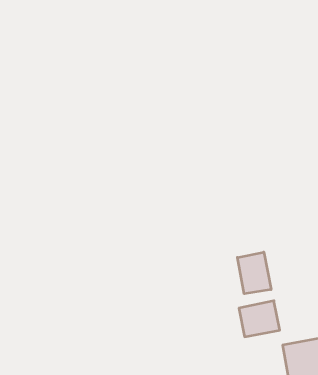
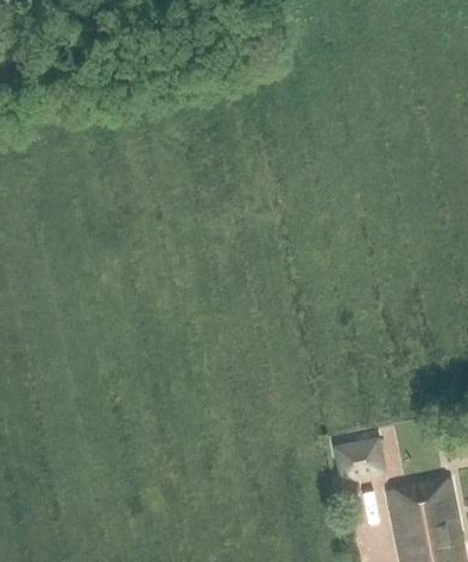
building: [237,252,271,294] -> none

